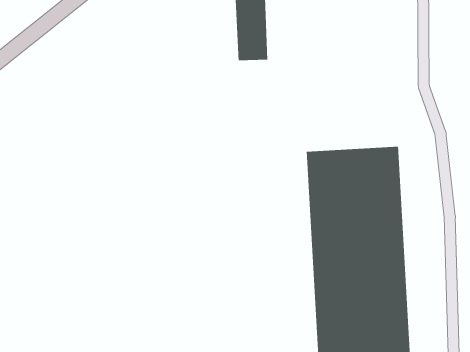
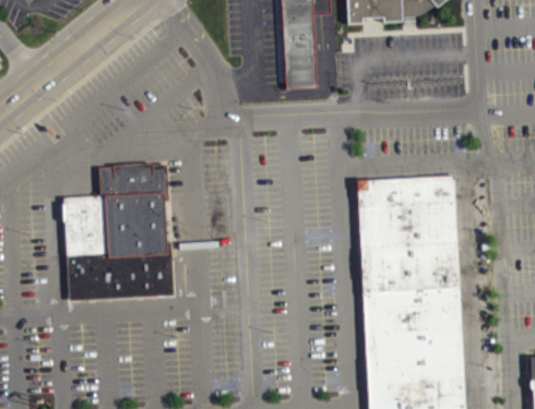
building: none -> [63,161,174,298]

